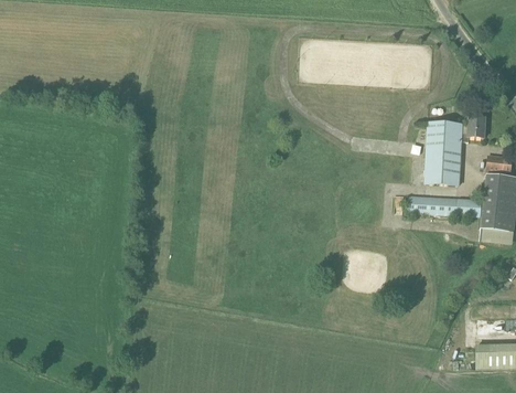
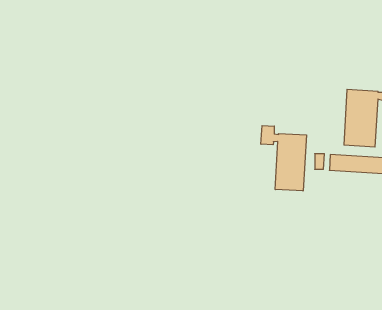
building: none -> [261,126,306,191]

